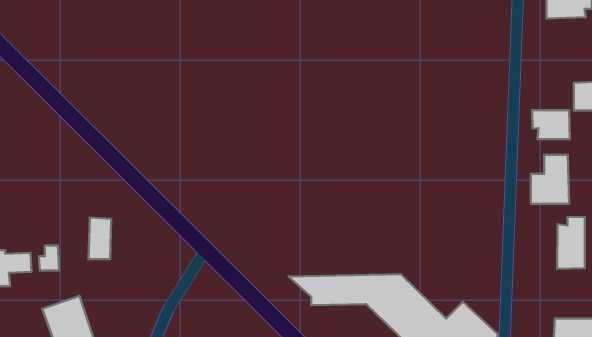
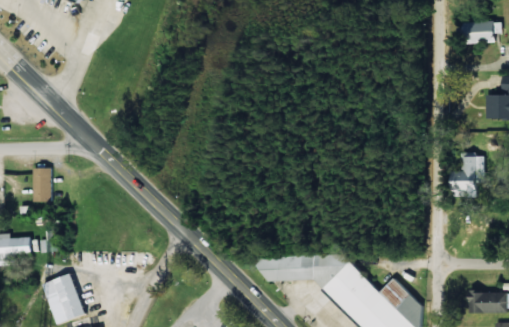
building: [532,110,570,139] -> none
building: [557,217,585,269] -> none
building: [89,217,111,259] -> [31,167,50,202]

